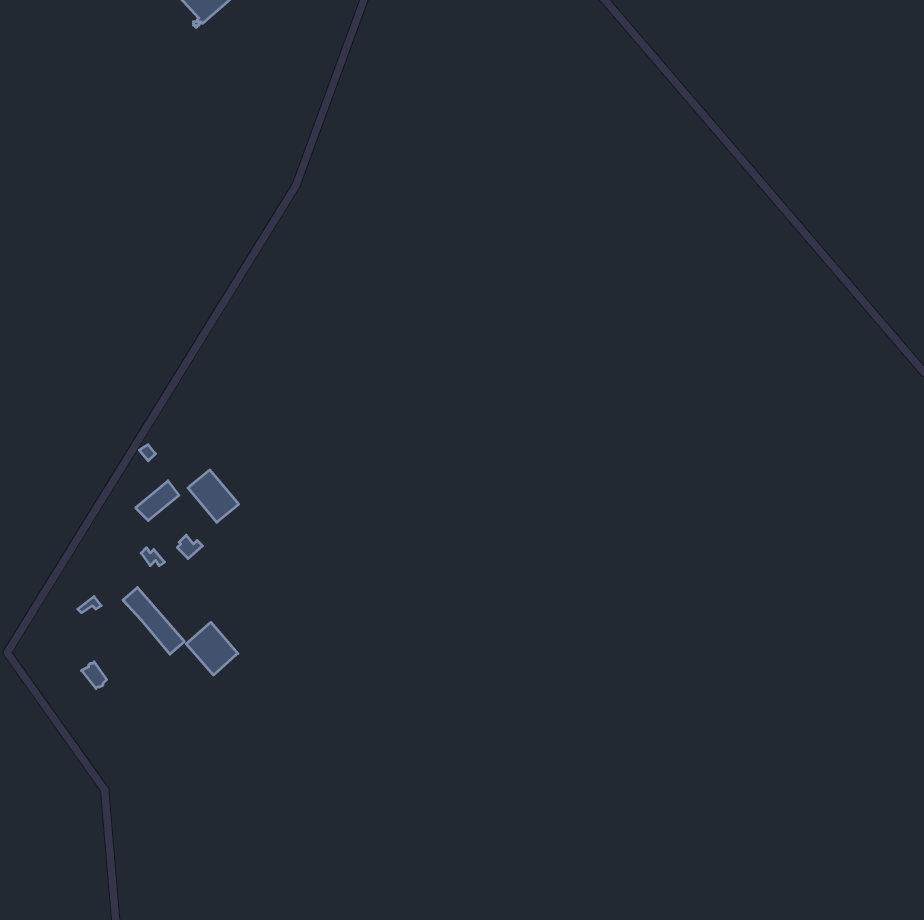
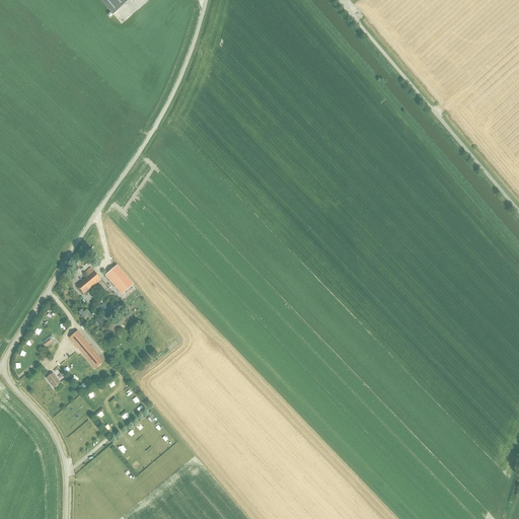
building: [186,622,238,675] -> none

